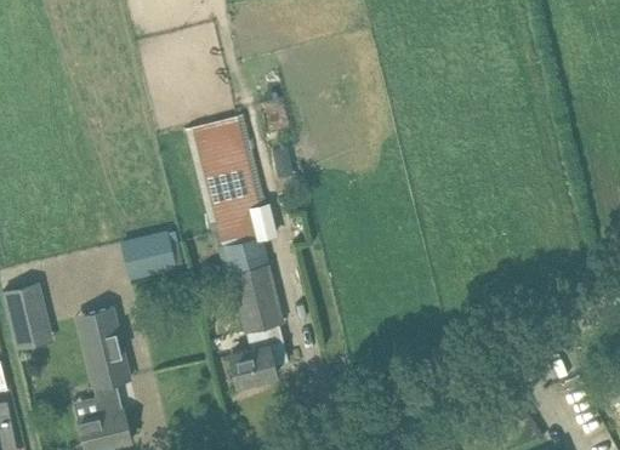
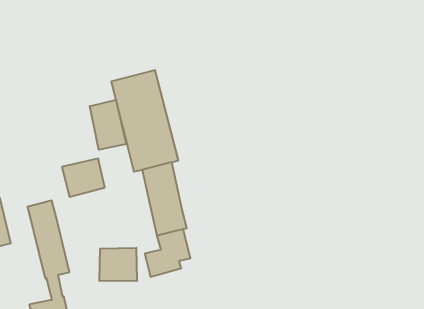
building: none -> [90,100,126,150]
building: none -> [99,248,137,281]

